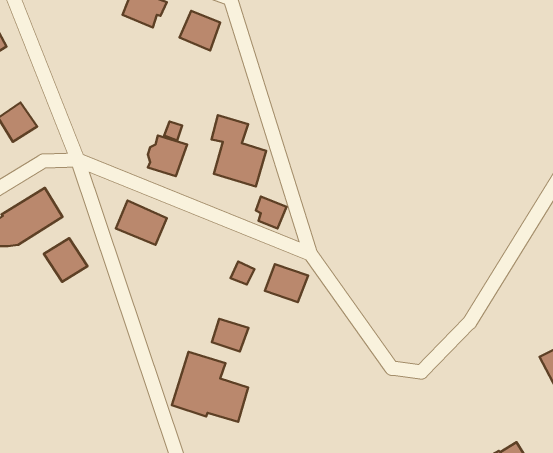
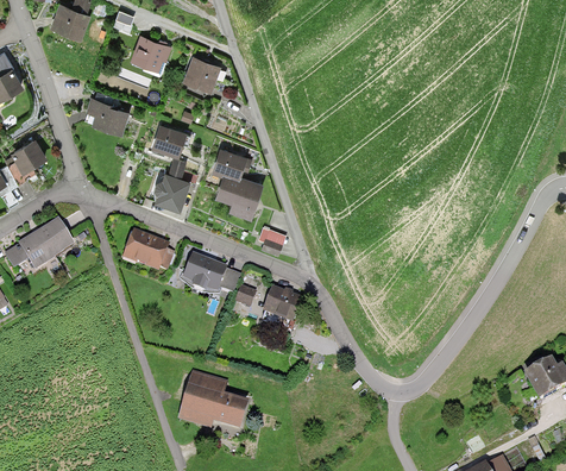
building: none -> [87,99,127,133]
building: none -> [150,120,185,153]
building: none -> [182,255,227,295]
building: [44,238,87,282] -> none
building: [212,319,248,352] -> none

